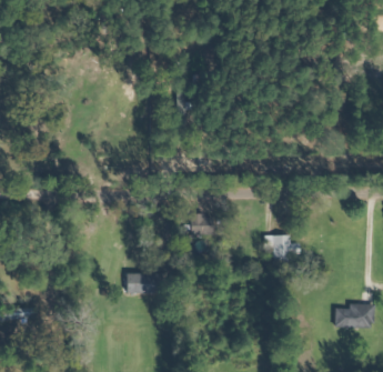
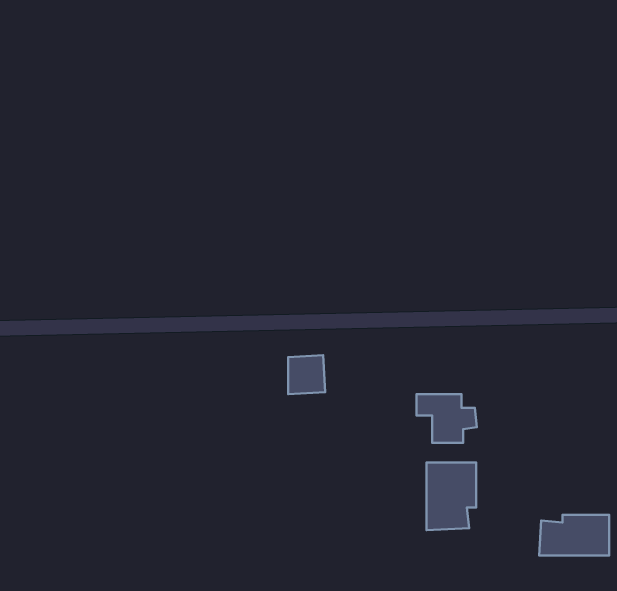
building: [127,272,160,291] -> none
building: none -> [427,463,476,530]

